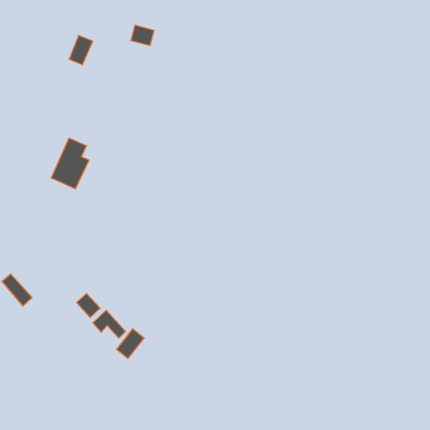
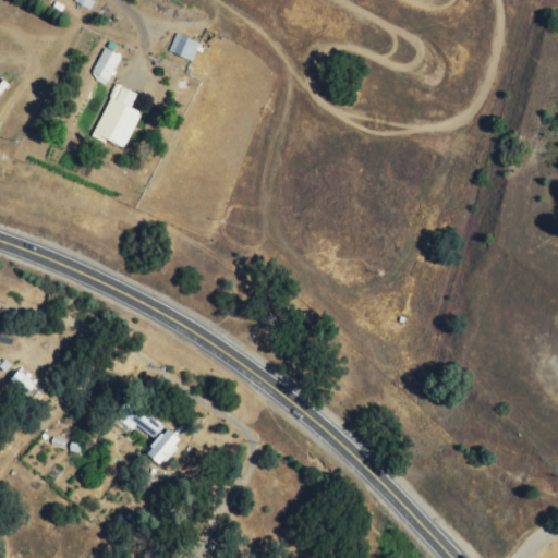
building: [51,138,89,189] -> [93,84,142,149]
building: [77,293,100,317] -> none

